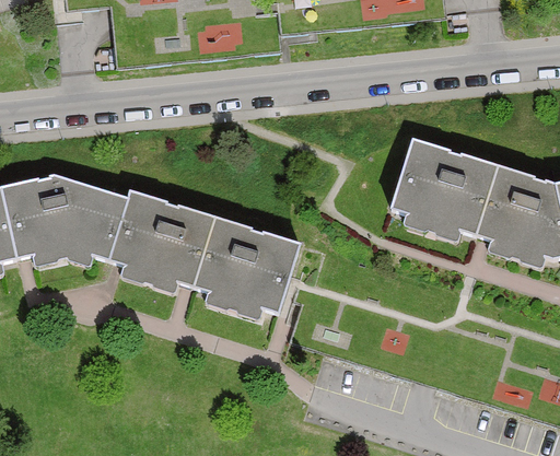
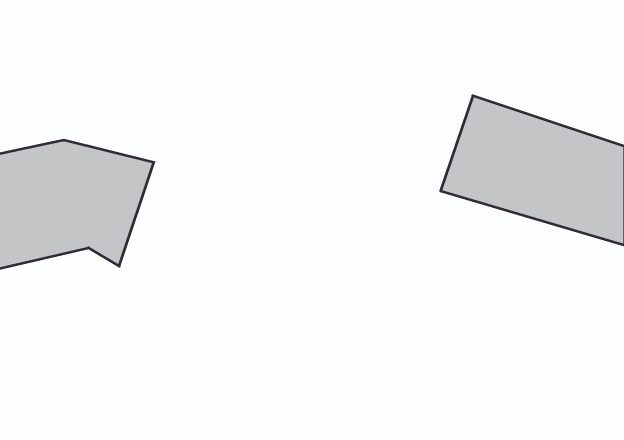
building: [106,190,299,336] -> none

